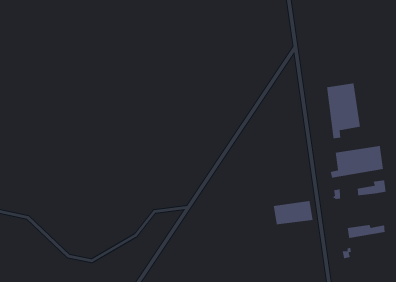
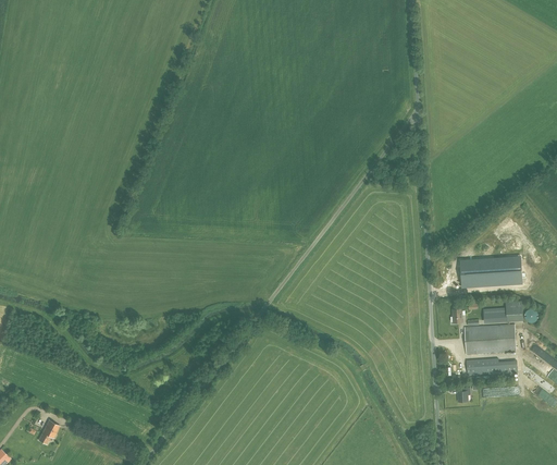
building: [326,82,361,139] -> none
building: [273,200,313,225] -> [463,322,516,352]

